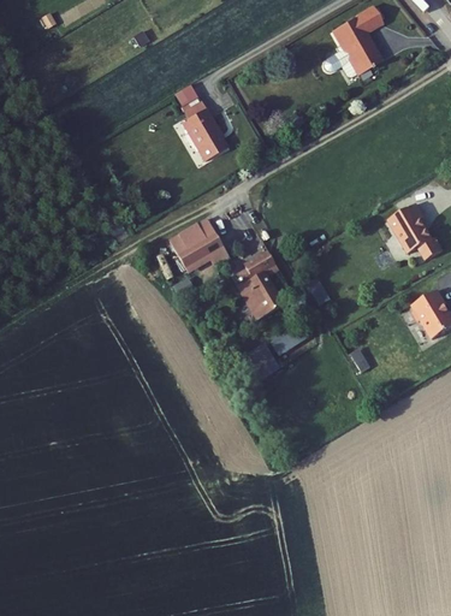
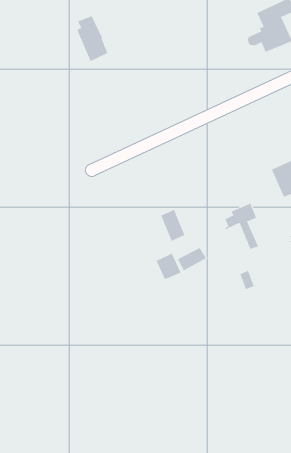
building: [189,97,232,156] -> [76,15,108,62]
building: [168,232,214,270] -> none
building: [241,256,287,315] -> [224,203,259,250]

